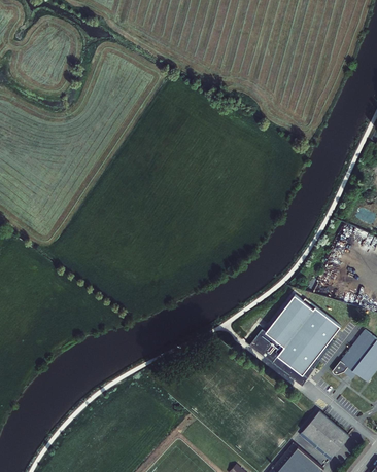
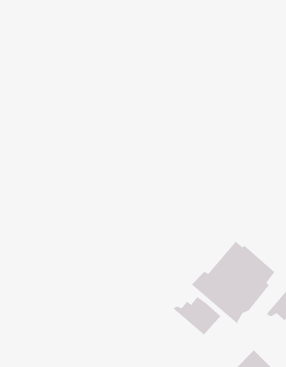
building: none -> [173,296,221,336]

